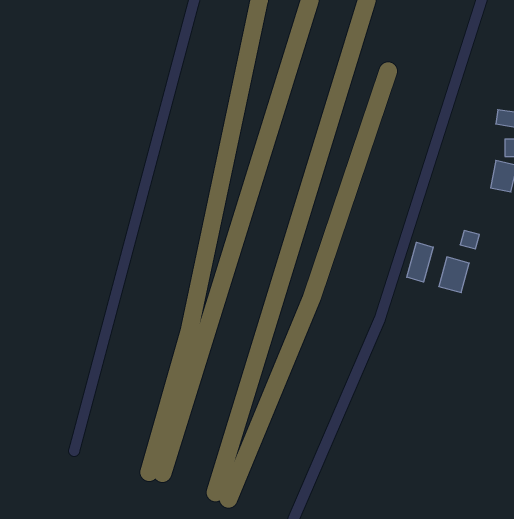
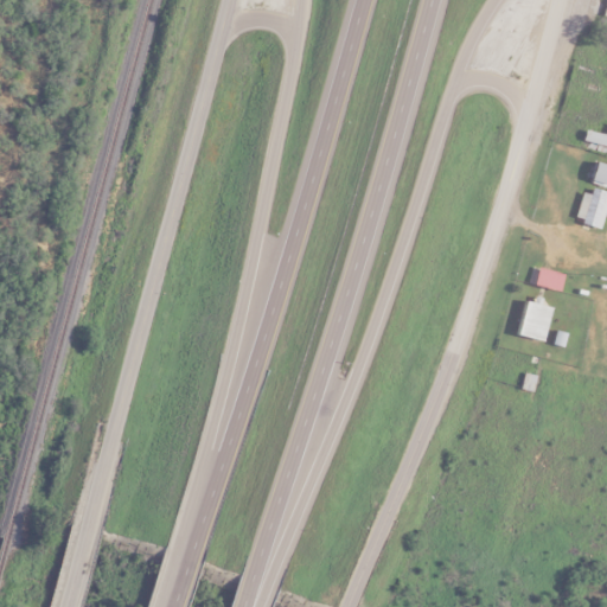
building: [407,242,433,282] -> none

